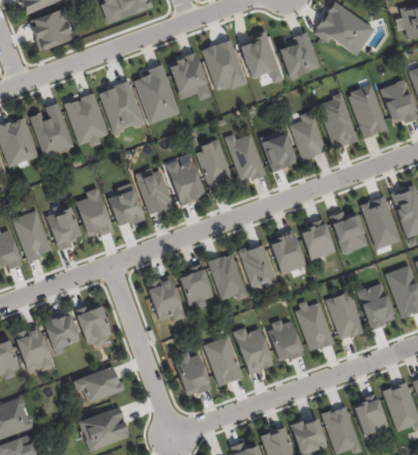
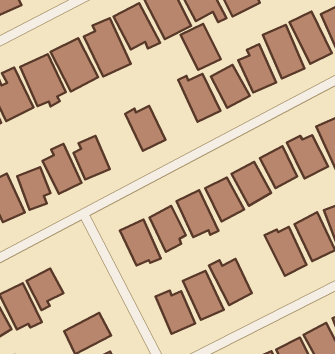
building: [195,141,233,187] -> [180,24,221,70]
building: [138,169,172,213] -> none
building: [74,301,112,347] -> none
building: [267,318,304,362] -> none

